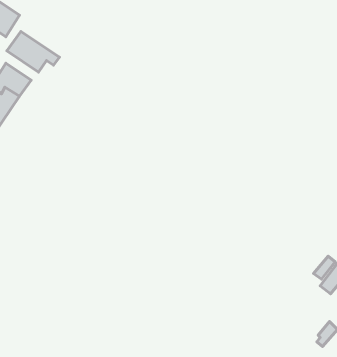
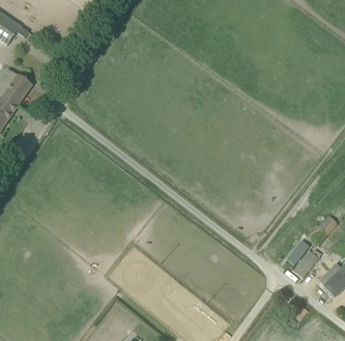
building: [7,31,59,72] -> none

